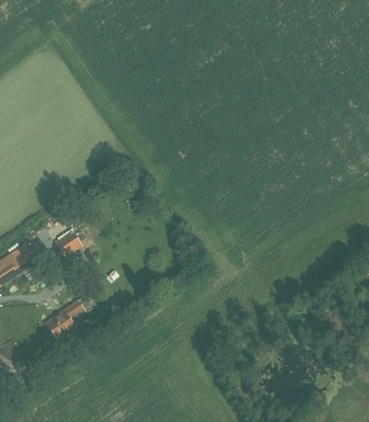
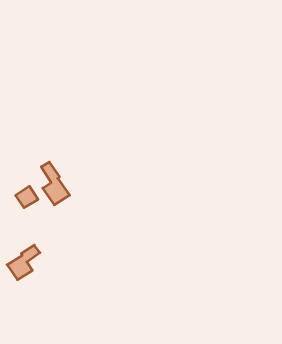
building: none -> [41,162,70,205]

